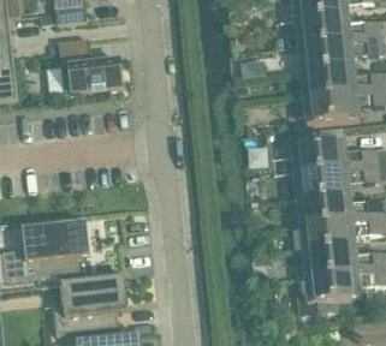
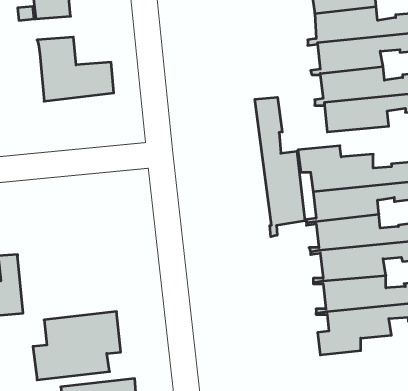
building: none -> [255,97,305,237]
building: [40,220,90,276] -> none

